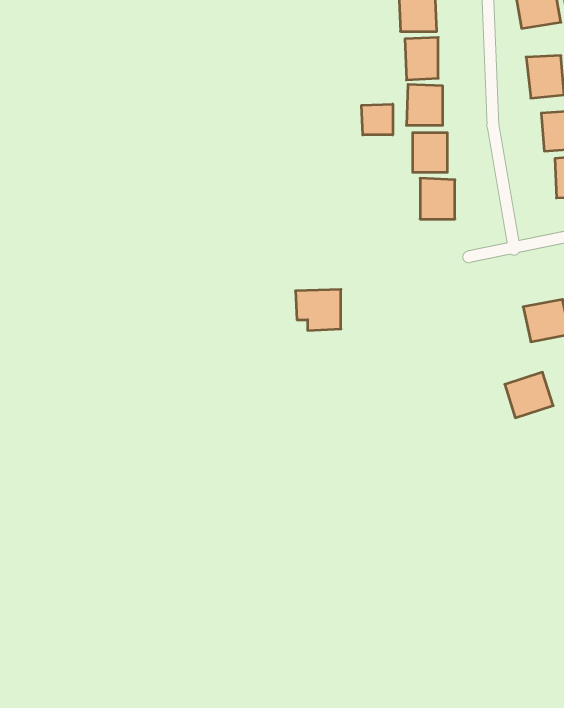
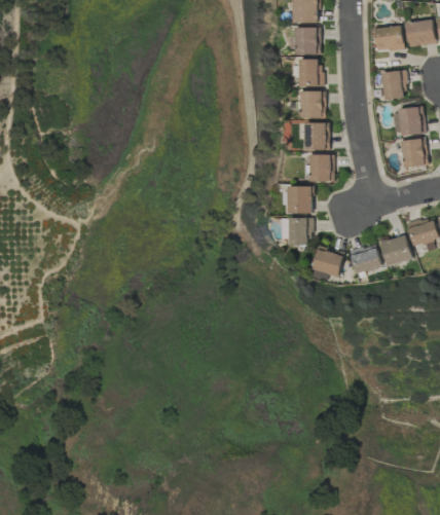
building: [362,104,393,135] -> none
building: none -> [287,185,313,213]
building: [295,289,341,330] -> [280,217,310,245]
building: none -> [309,245,343,280]
building: [505,372,553,418] -> [349,243,381,273]

